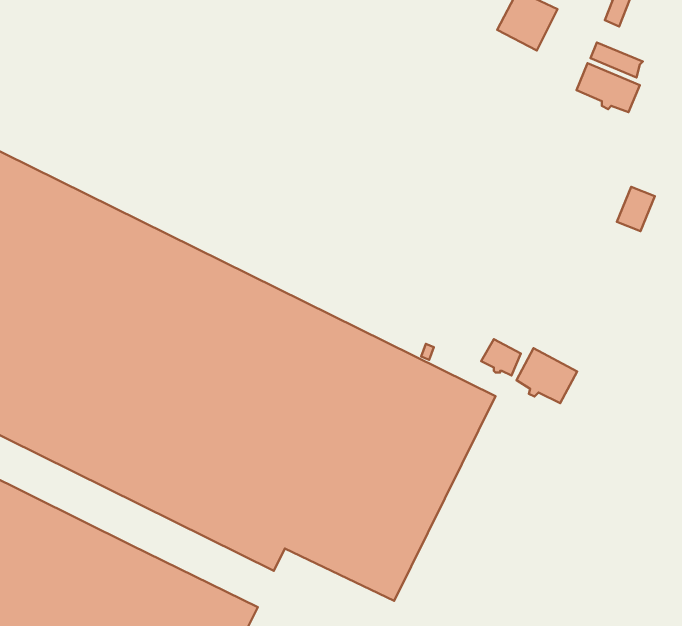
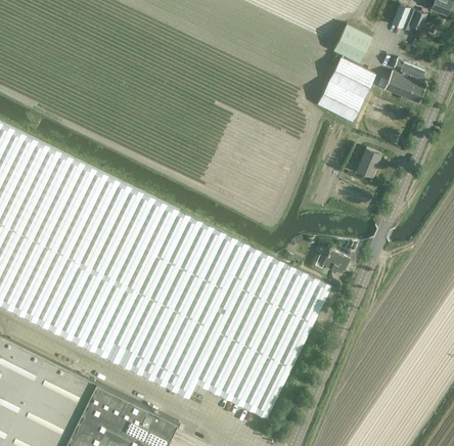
building: none -> [316,57,375,122]
building: [617,187,655,231] -> [356,148,380,177]
building: [516,348,577,403] -> none

